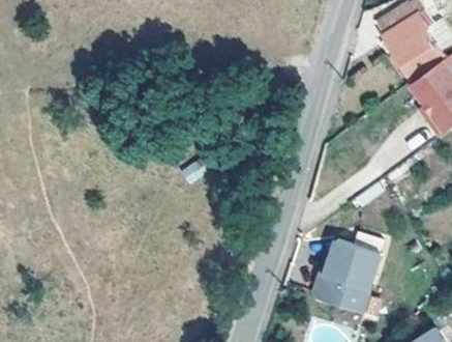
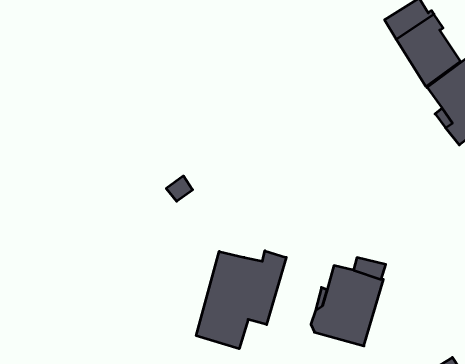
building: none -> [196,251,286,349]

